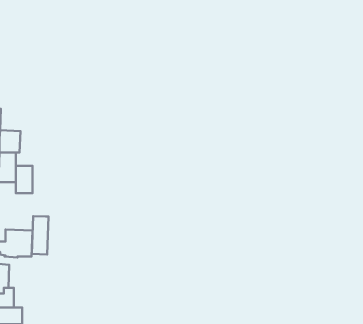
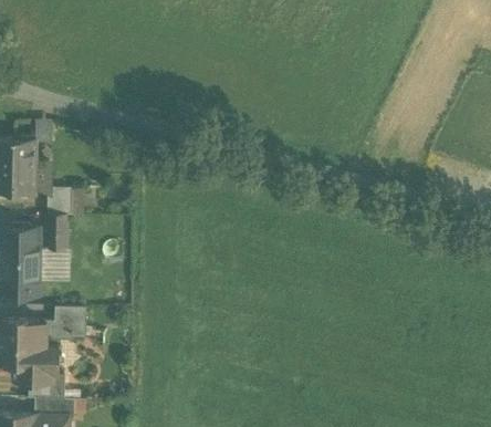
building: [16,166,32,193] -> none
building: [32,216,48,254] -> none

